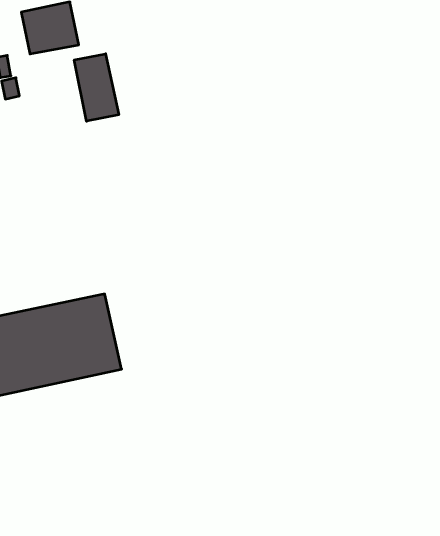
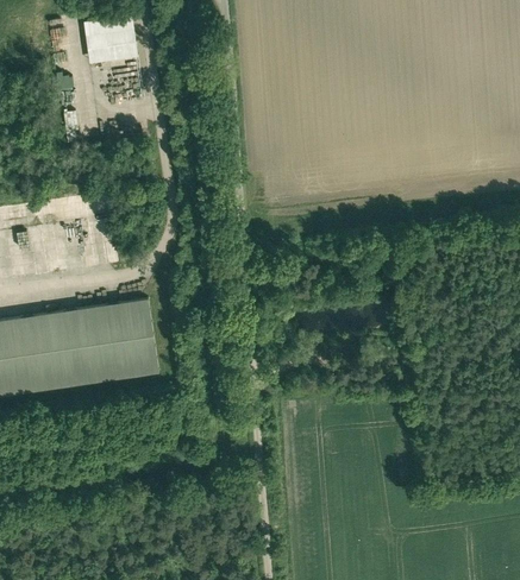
building: [74,54,119,121] -> none

